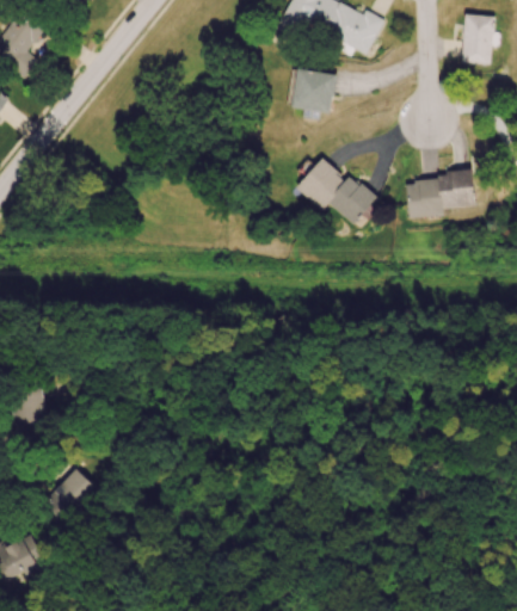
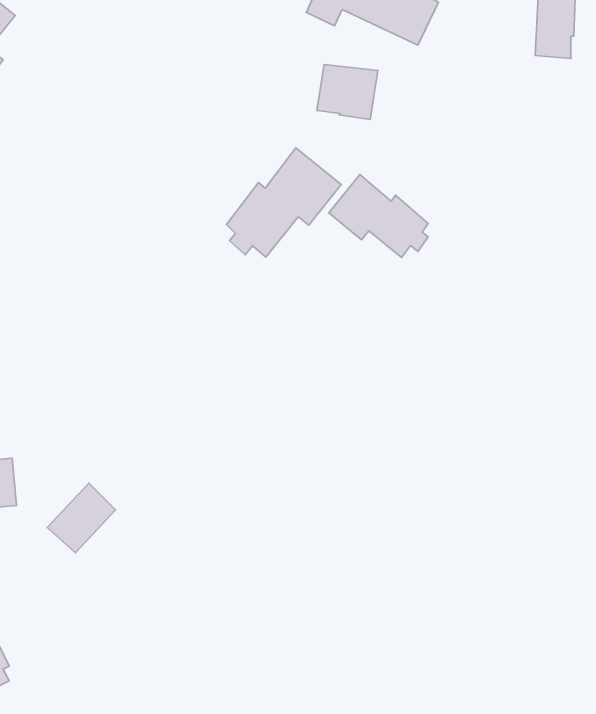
building: none -> [227,148,341,257]
building: [406,173,474,217] -> none
building: [42,467,97,523] -> [47,483,116,553]

